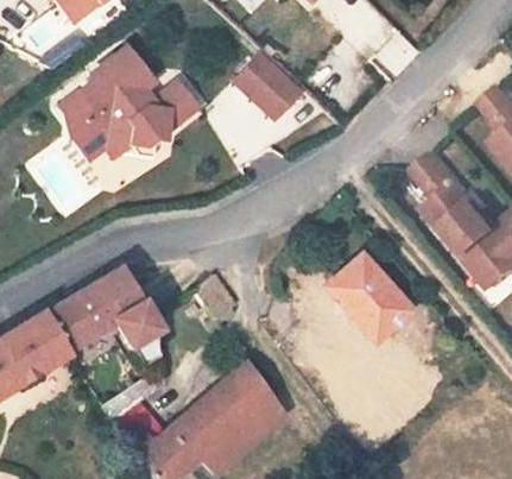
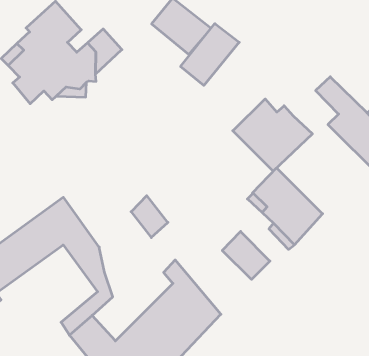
building: none -> [181,24,239,85]
building: none -> [233,99,312,171]
building: none -> [222,231,270,279]

